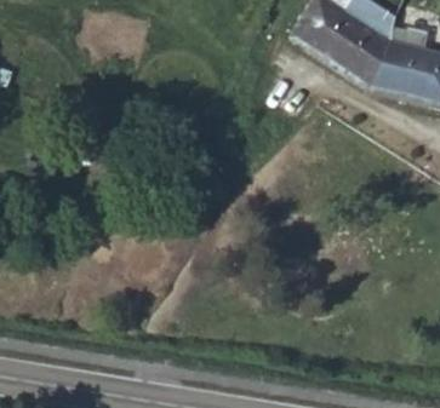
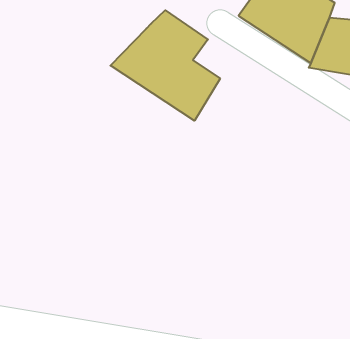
building: none -> [110,10,220,121]

